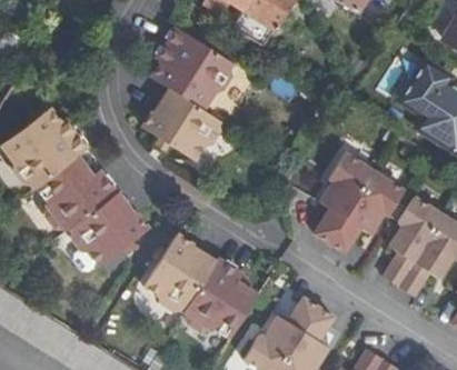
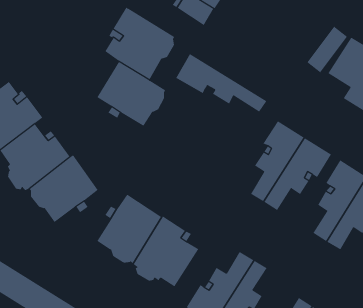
building: none -> [175,53,267,112]

